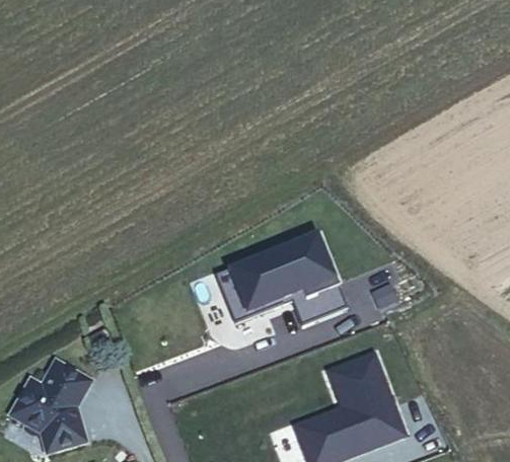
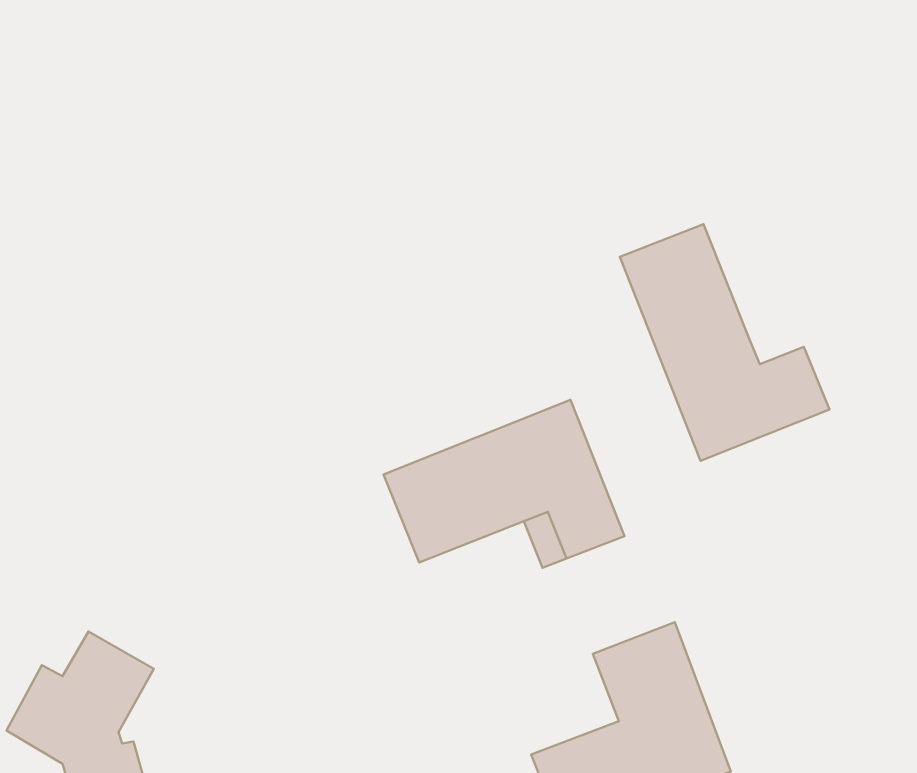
building: none -> [620,224,829,461]

